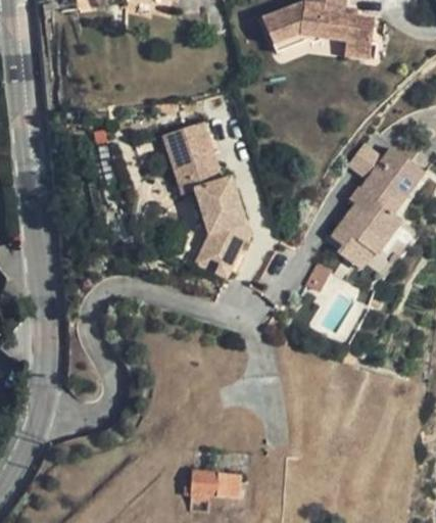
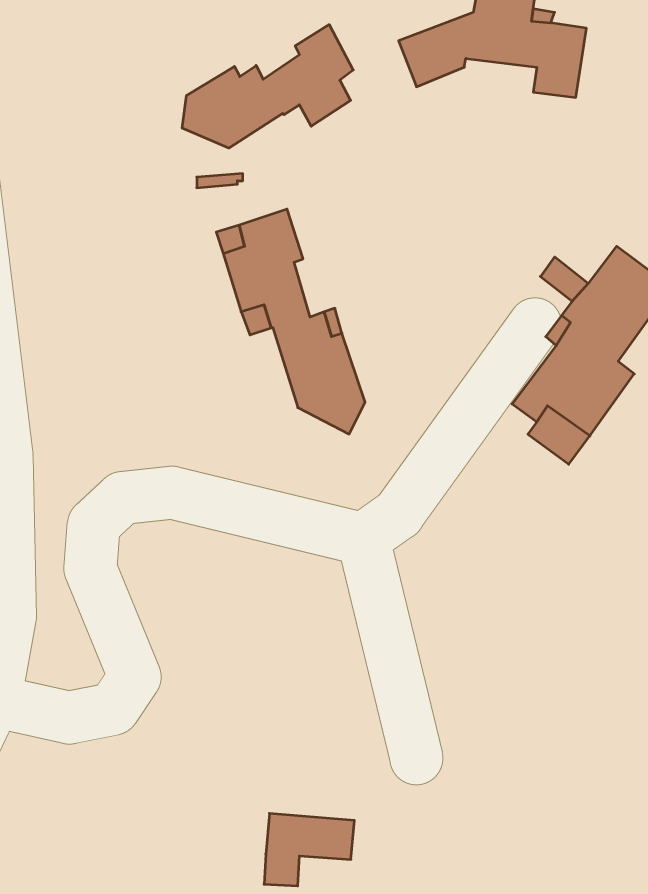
building: none -> [182,25,353,148]
building: [195,236,239,279] -> none

